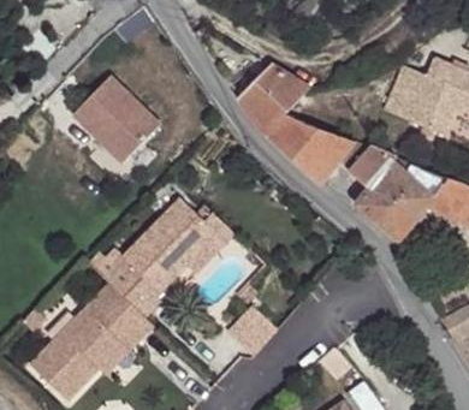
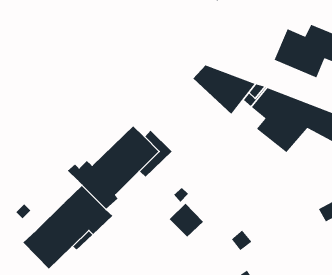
building: [239,65,310,136] -> none
building: [73,79,161,165] -> none

